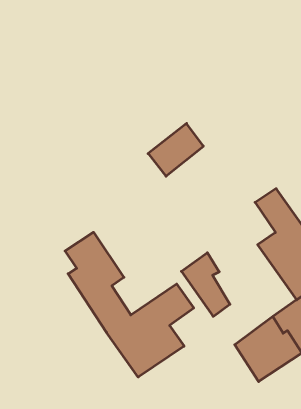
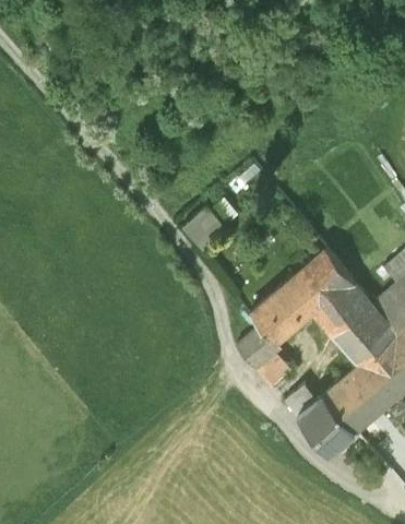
building: none -> [248,267,329,343]
building: [65,232,194,377] -> none

